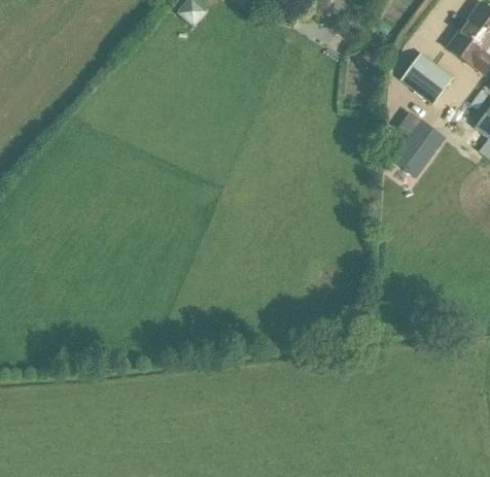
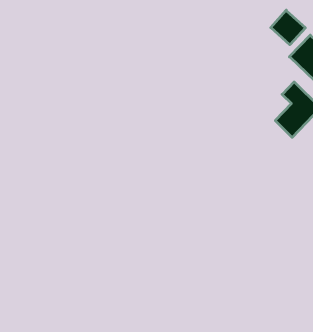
building: none -> [271,10,305,45]

